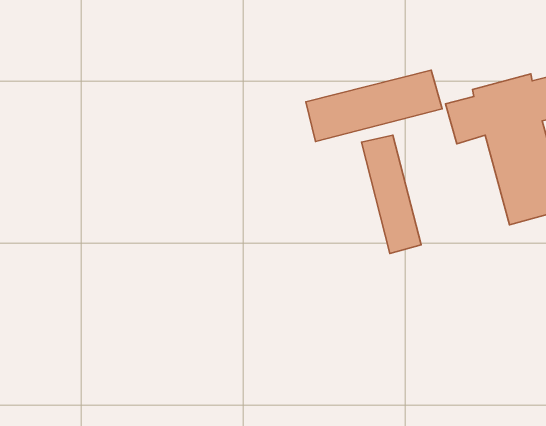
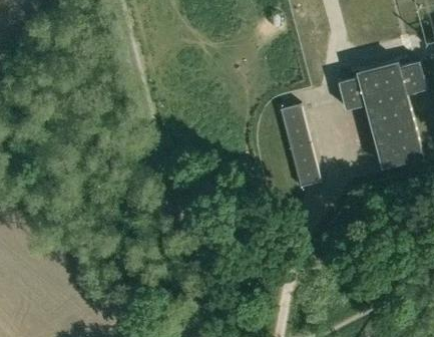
building: [306,70,442,142] -> none

